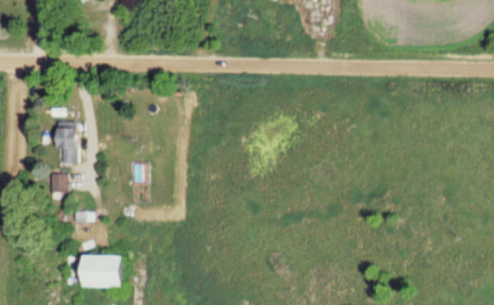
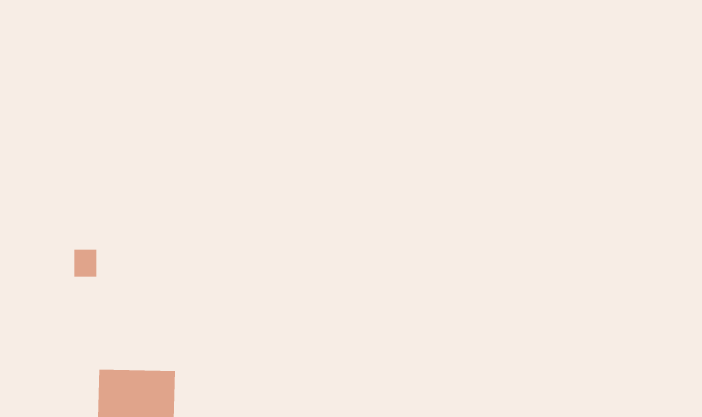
building: [55,127,81,162] -> none

